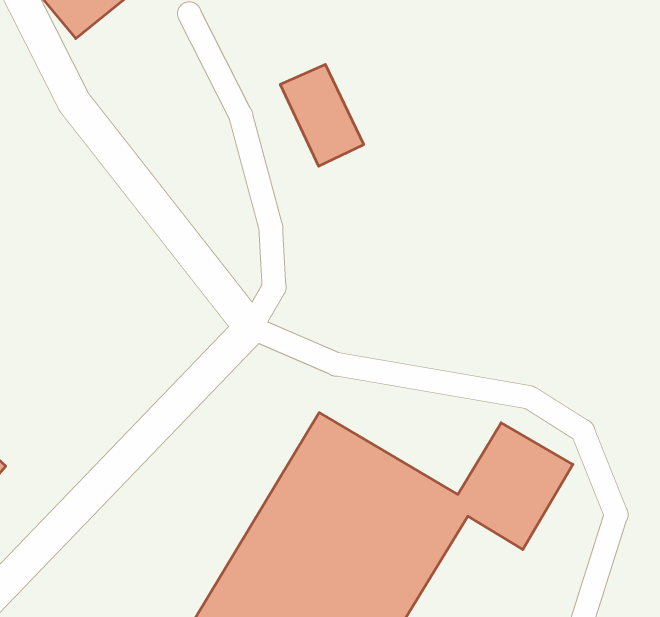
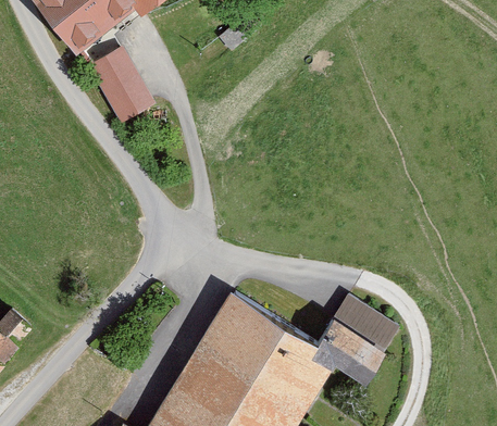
building: [280,64,364,166] -> [94,50,148,116]

